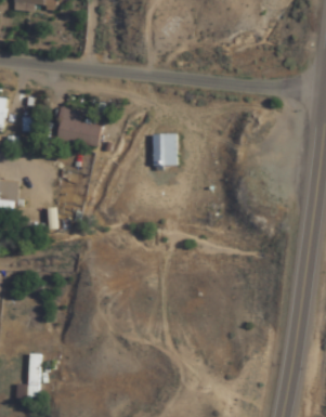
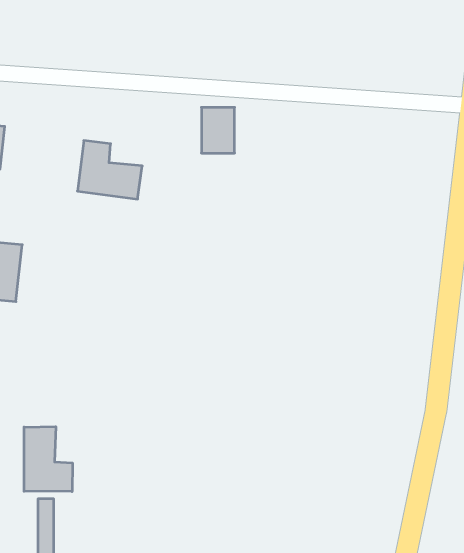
building: [153,133,175,165] -> [201,107,235,153]
building: none -> [24,427,72,492]

